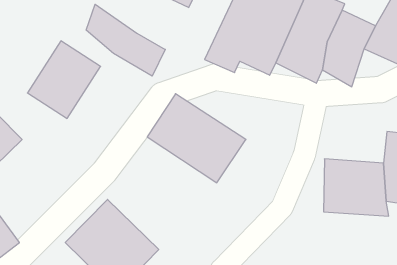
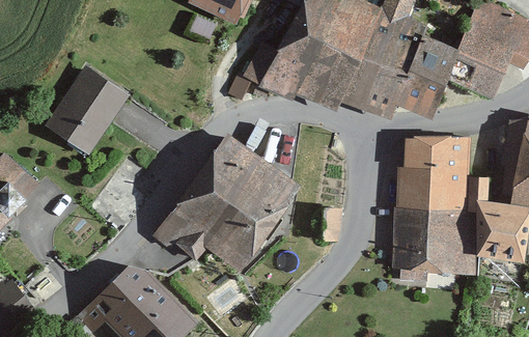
building: [86,4,165,76] -> none
building: none -> [395,135,472,210]
building: none -> [151,179,269,273]

